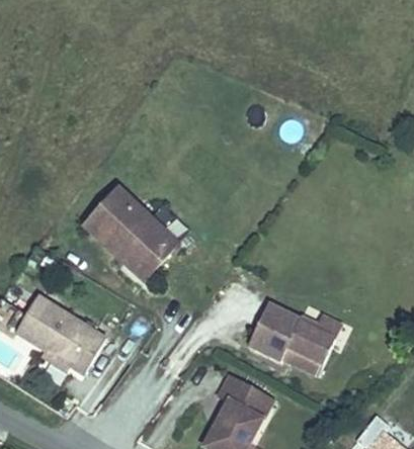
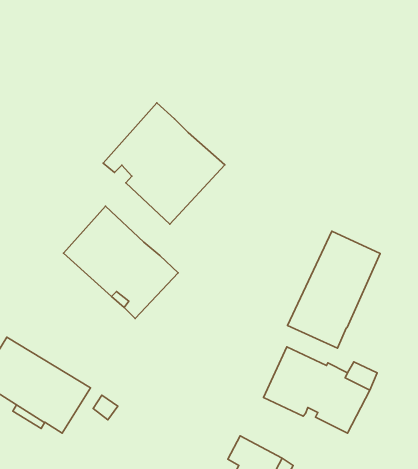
building: none -> [103,103,225,224]
building: none -> [287,231,380,348]

